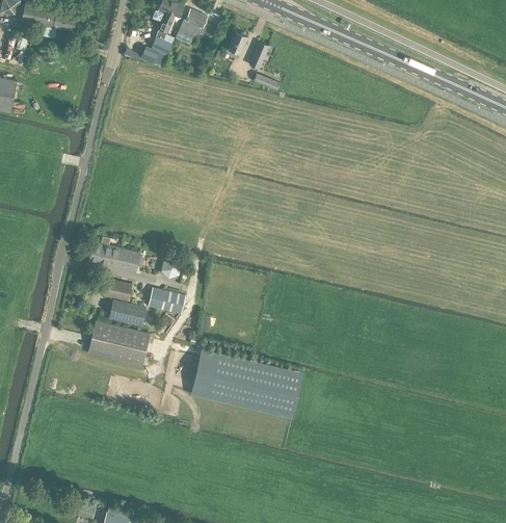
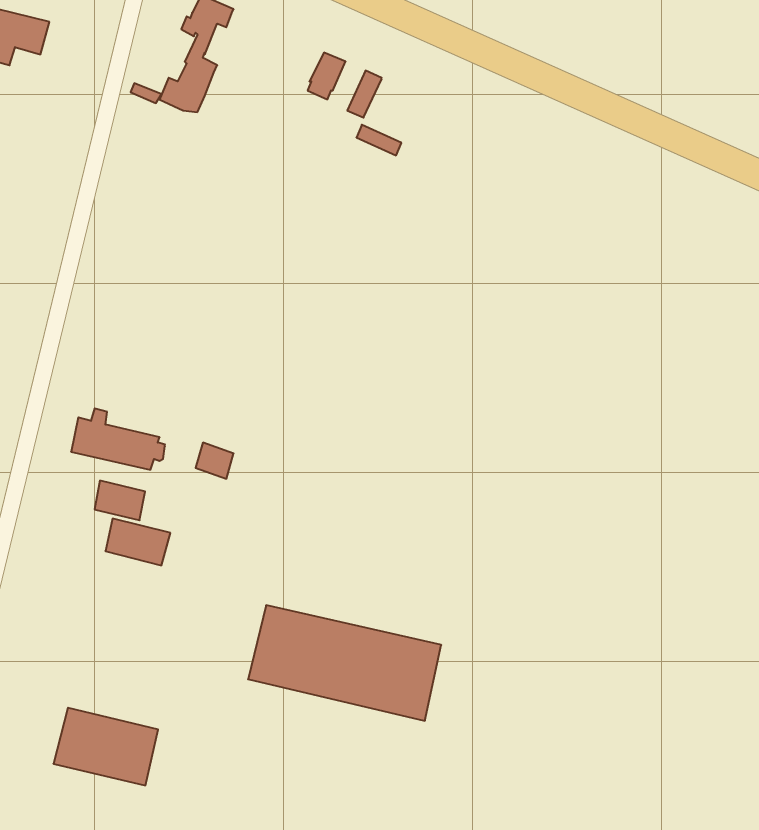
building: [177,8,216,37] -> none
building: [148,287,184,313] -> none
building: [87,321,148,366] -> [53,708,158,785]

